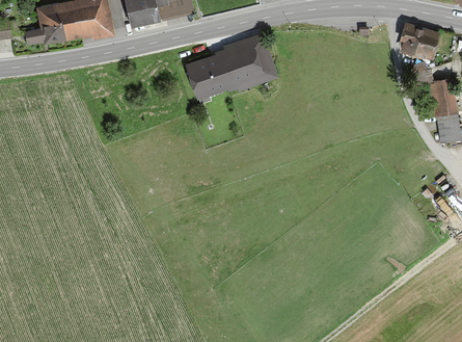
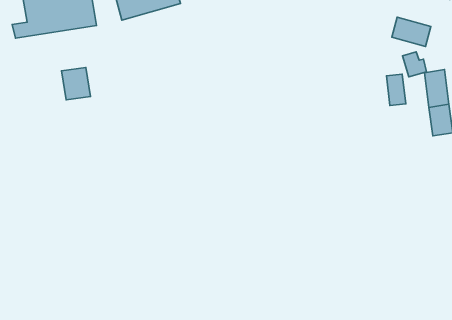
building: [185,38,274,100] -> none
building: none -> [62,68,90,100]
building: none -> [386,74,406,106]

